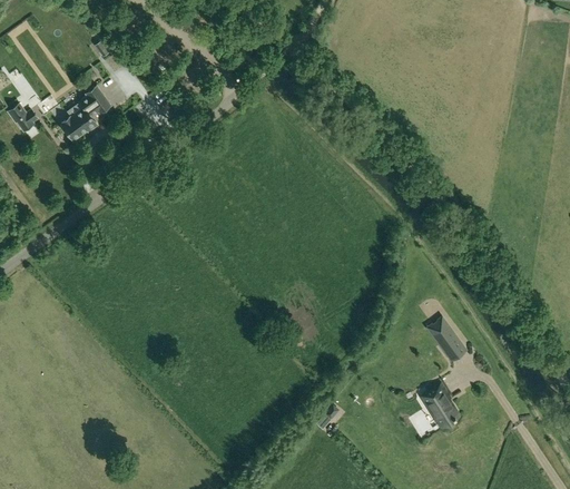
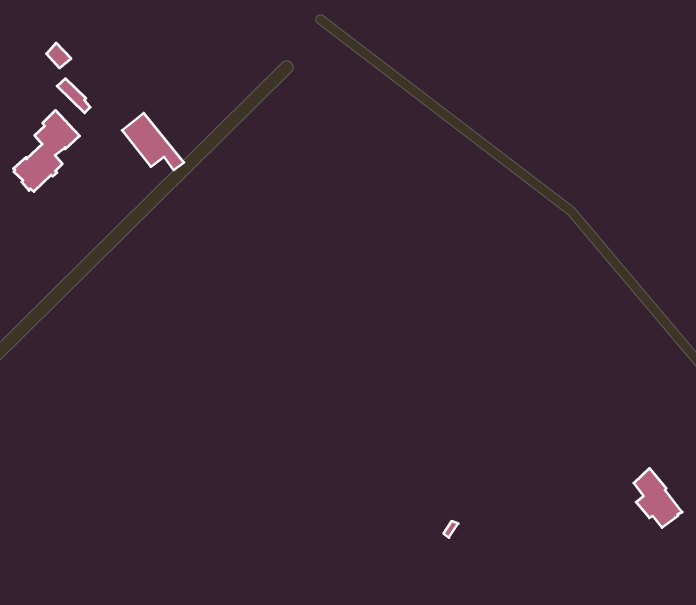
building: [429,317,468,361] -> none
building: [429,383,460,426] -> [634,468,682,528]

